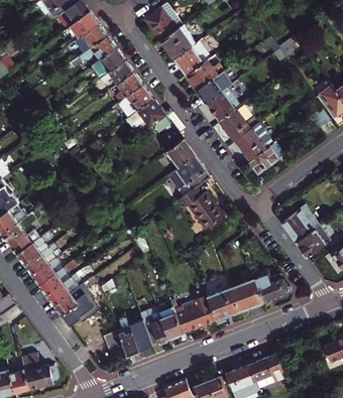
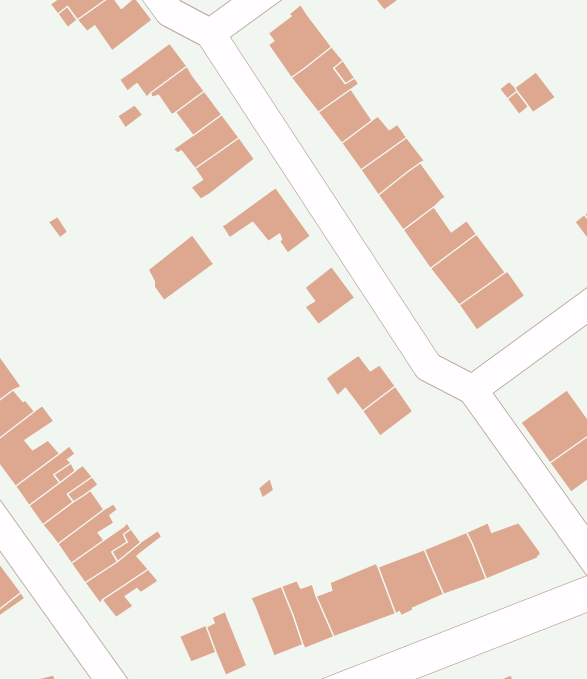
building: [59,11,97,38] -> none
building: [118,84,152,118] -> [148,235,214,301]
building: [167,156,209,195] -> none
building: [127,317,151,349] -> none

